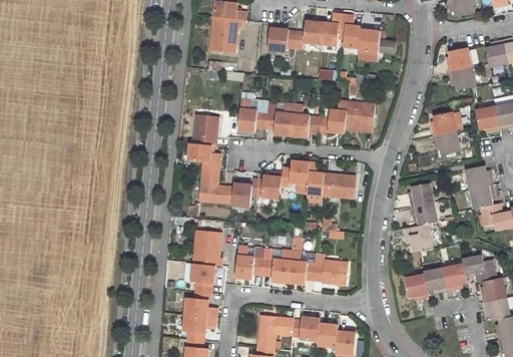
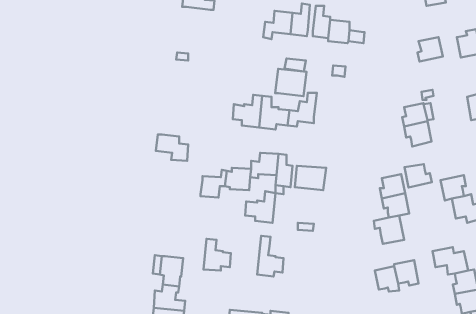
building: [210,16,241,52] -> none
building: [268,28,296,50] -> none
building: [448,65,475,90] -> none
building: [237,99,265,131] -> none
building: [344,101,375,128] -> [275,69,306,96]
building: [475,105,499,130] -> none
building: [193,113,217,144] -> none
building: [465,164,492,188] -> [405,164,432,187]
building: [199,167,233,202] -> none
building: [194,230,221,265] -> none
building: [261,250,291,281] -> [245,191,275,223]
building: [313,254,347,284] -> none
building: [443,263,466,290] -> none

